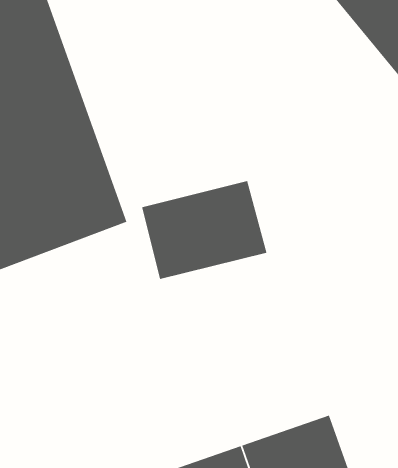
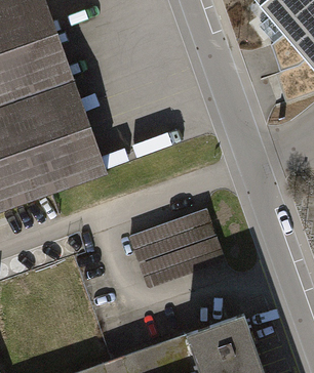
building: [141,180,267,280] -> [136,210,229,283]

